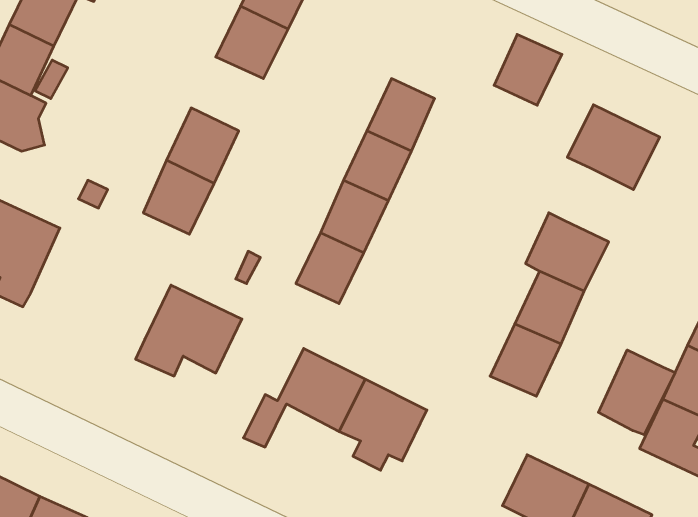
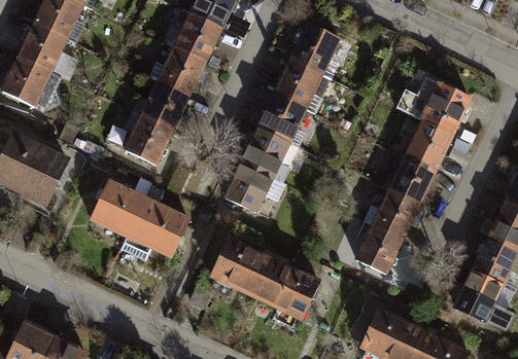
building: [494,34,562,105] -> [290,25,336,72]
building: none -> [157,44,205,94]
building: none -> [406,118,452,168]
building: none -> [92,180,143,232]
building: [598,350,675,435] -> none

